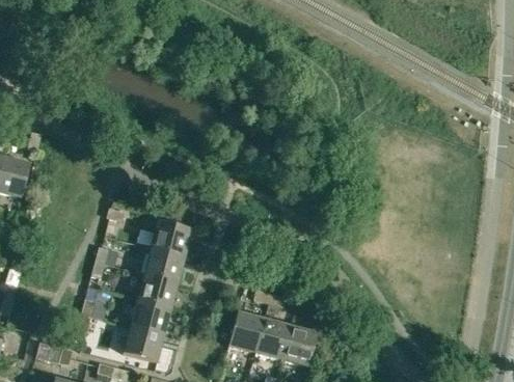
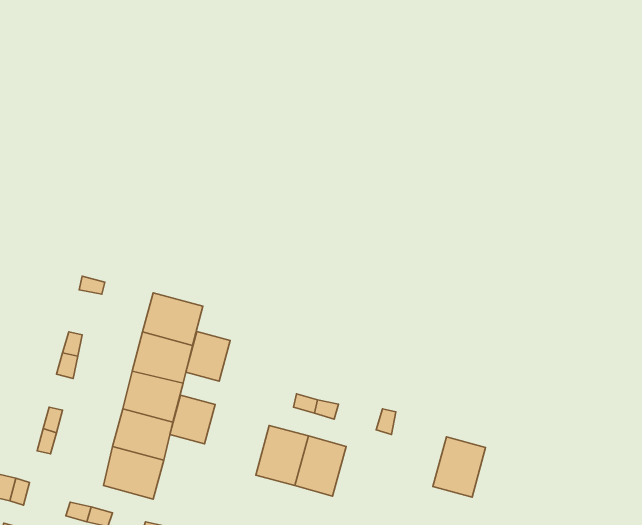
building: none -> [186,332,230,381]
building: none -> [170,395,215,444]
building: [280,325,317,366] -> [433,437,486,497]

